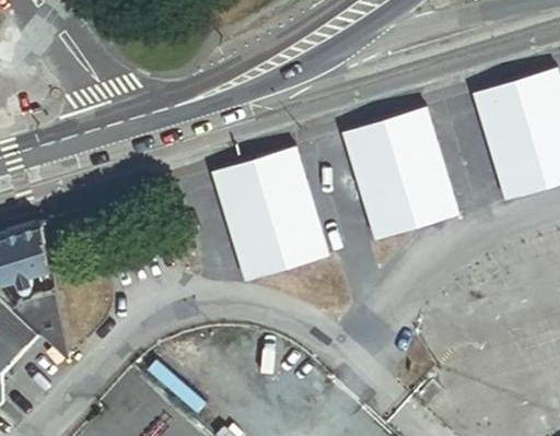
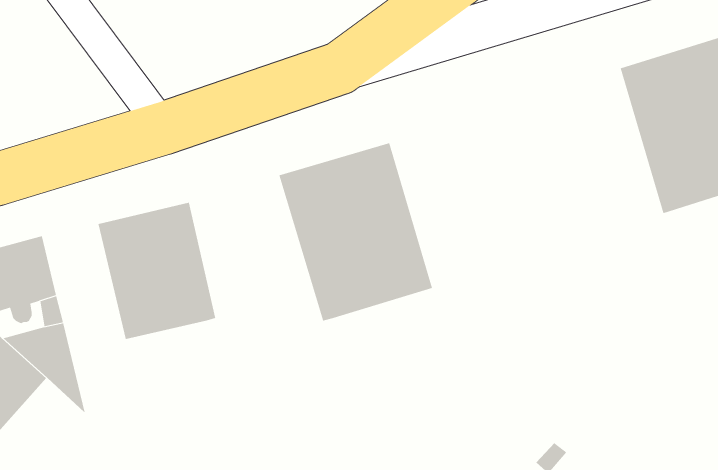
building: [342,105,460,241] -> none
building: none -> [98,202,216,340]

